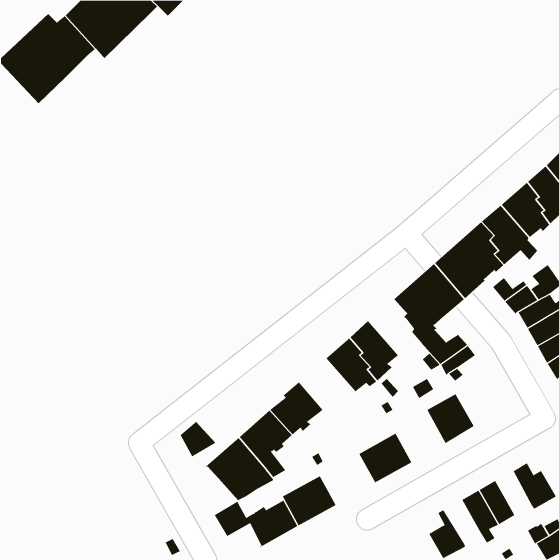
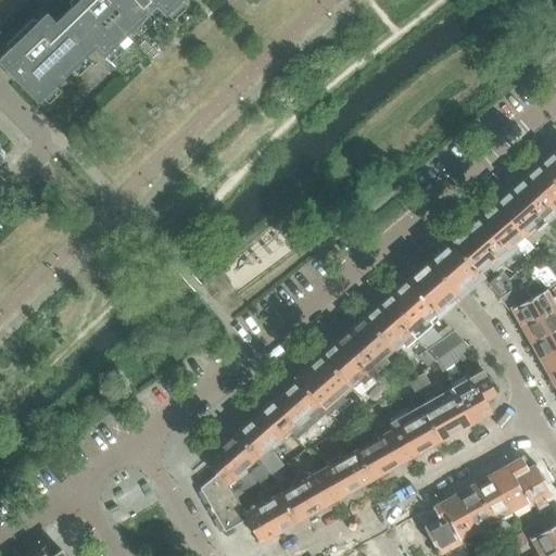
building: none -> [366,296,418,352]
building: none -> [298,355,353,416]
building: none -> [453,371,496,422]
building: none -> [391,406,442,458]
building: [180,421,216,457] -> [201,475,237,510]
building: none -> [318,450,372,501]
building: none -> [492,467,528,510]
building: none -> [441,495,478,539]

